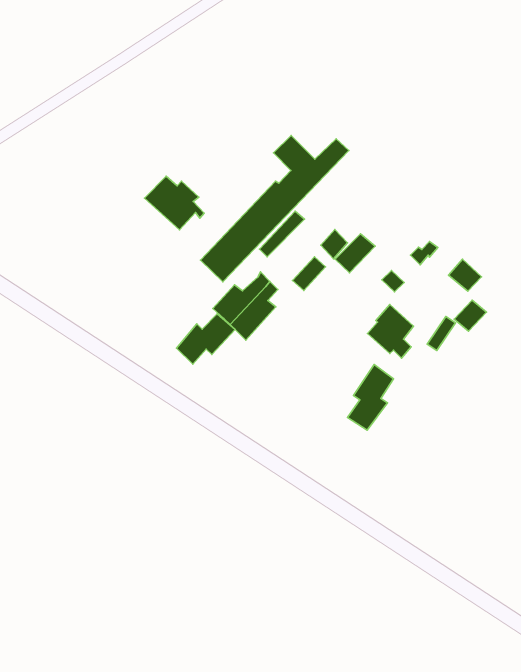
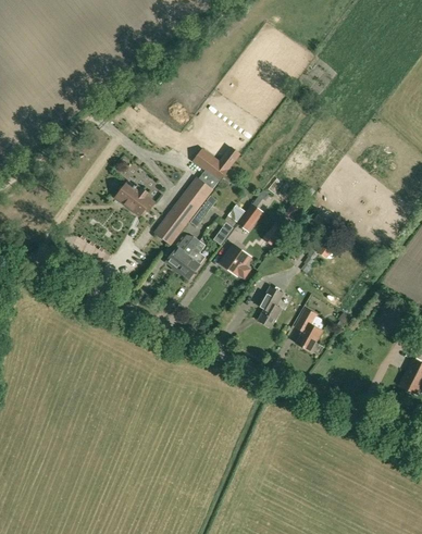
building: [367,304,414,358] -> [221,245,249,277]
building: [176,314,235,364] -> none
building: none -> [296,309,321,351]

